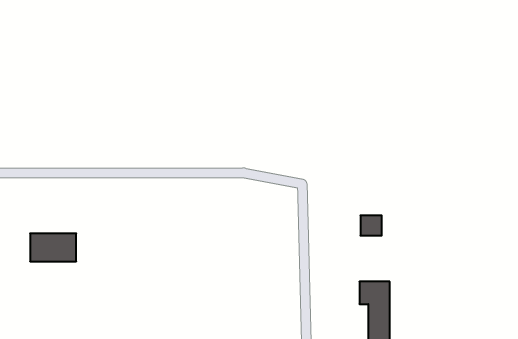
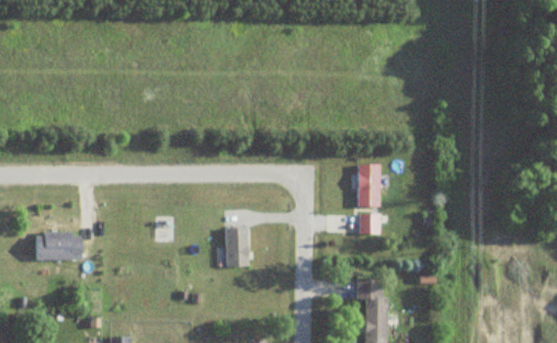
building: none -> [357,163,379,206]
building: none -> [226,228,249,266]

